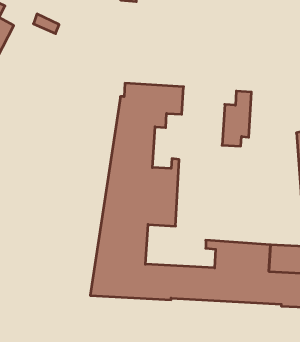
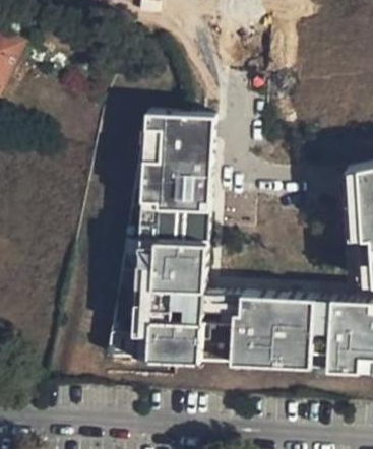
building: [222,91,251,146] -> [181,149,214,212]
building: none -> [173,276,253,326]

